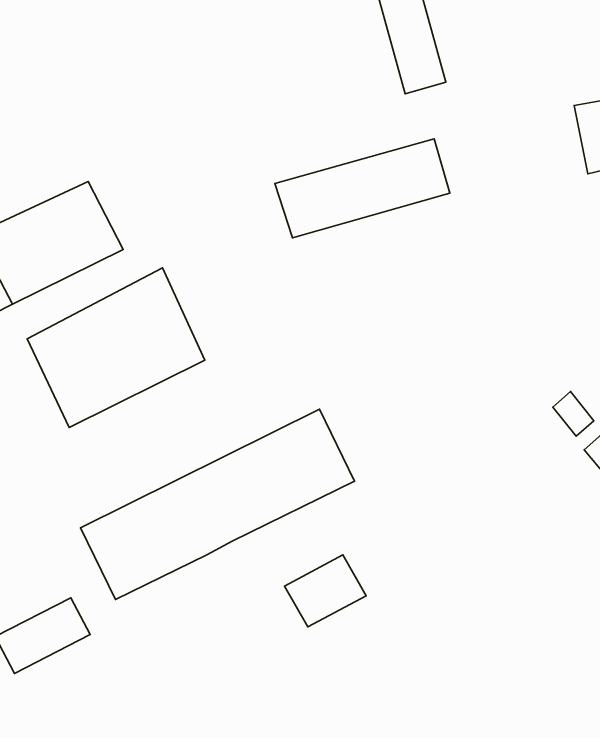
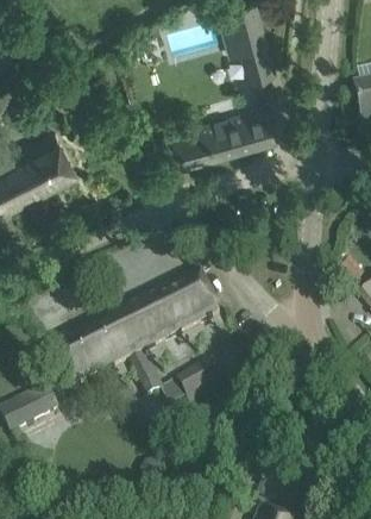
building: [27,268,205,428] -> none

